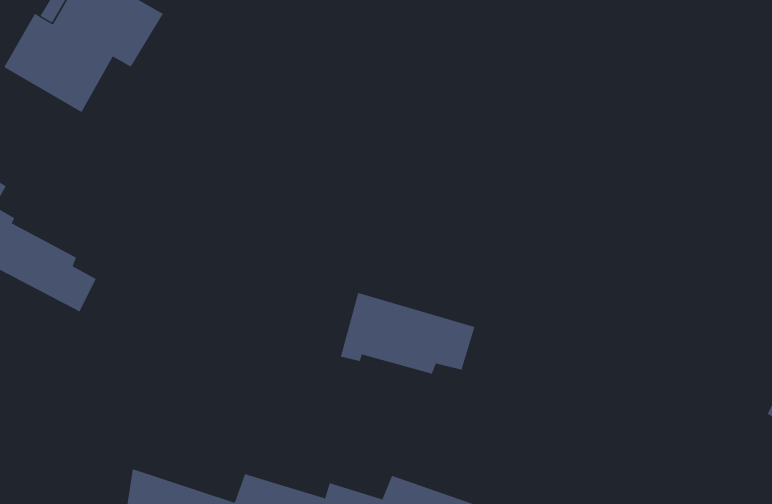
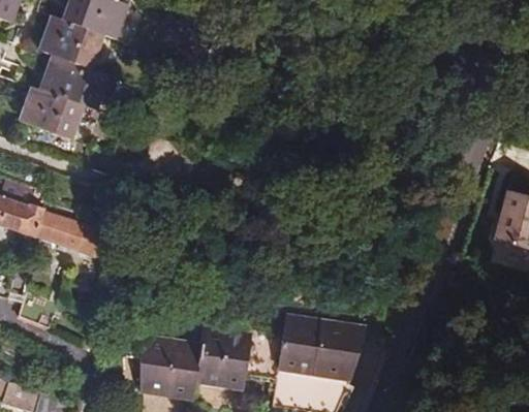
building: [340,292,475,374] -> none

